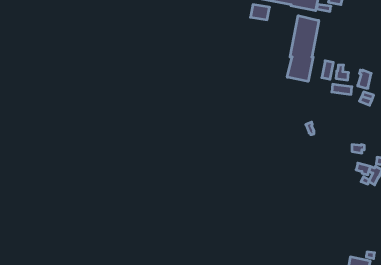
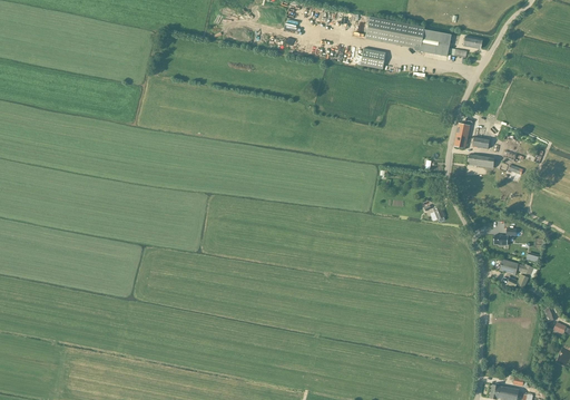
building: [287,16,319,81] -> none

